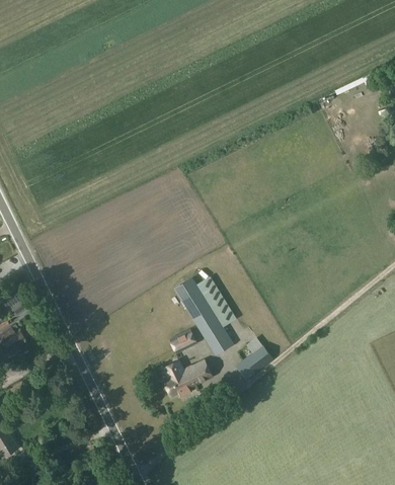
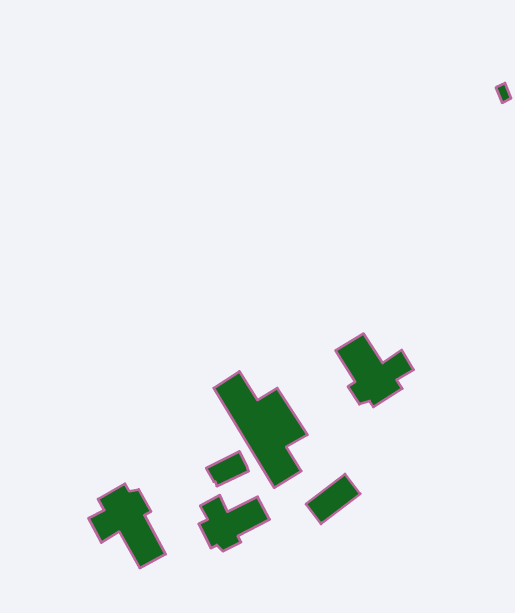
building: none -> [336,334,414,407]
building: none -> [89,484,166,568]

